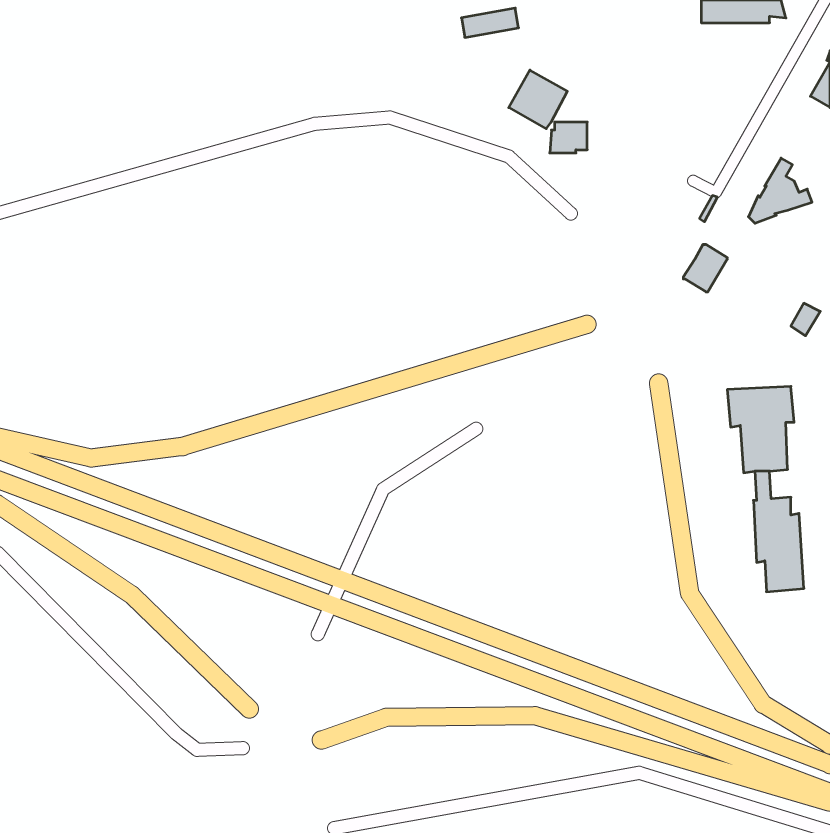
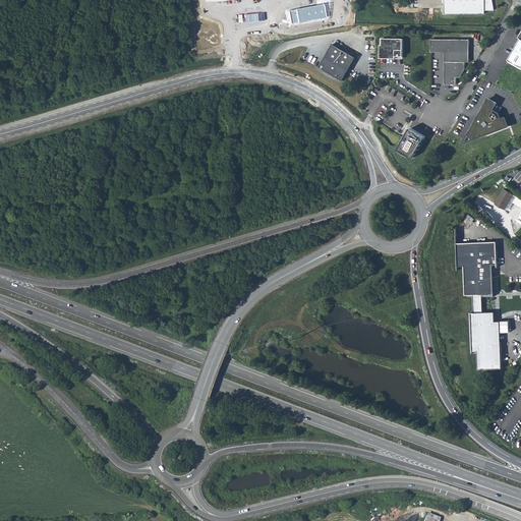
building: none -> [429,38,469,84]
building: [550,122,587,153] -> [379,38,402,57]
building: [683,245,727,292] -> [396,127,423,157]

